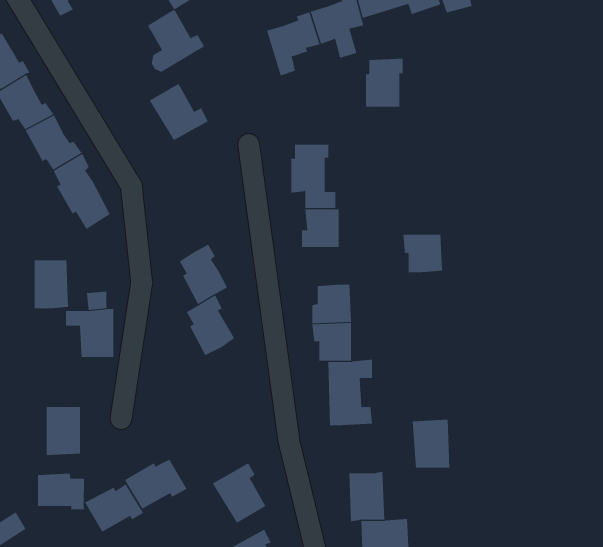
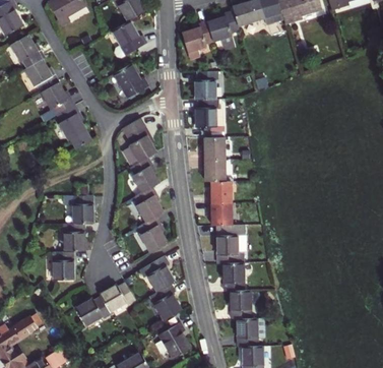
building: [365,58,404,107] -> [195,71,217,100]
building: none -> [123,119,156,166]
building: [403,234,443,273] -> [202,160,226,182]
building: [34,260,69,309] -> [65,224,85,252]
building: none -> [139,218,168,252]
building: none -> [140,256,175,293]
building: [412,419,450,468] -> [222,262,245,291]
building: [38,473,85,510] -> none

